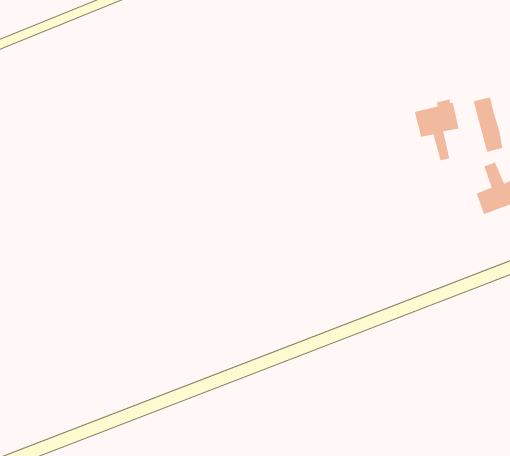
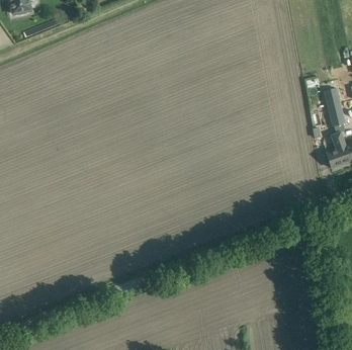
building: [414,98,459,161] -> none

